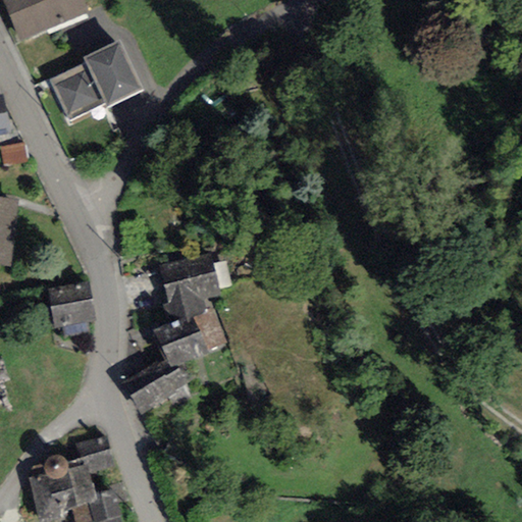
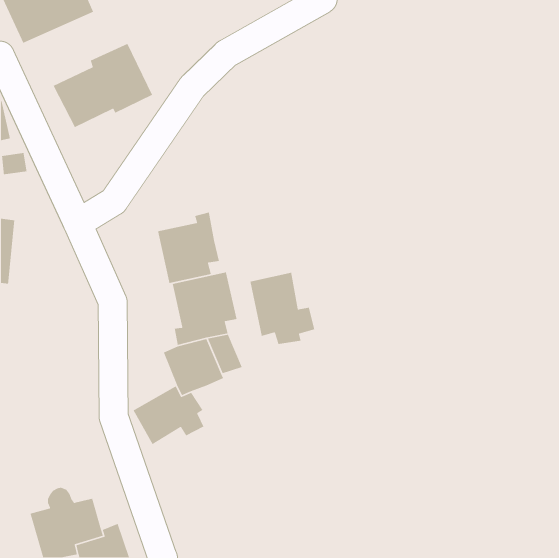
building: none -> [157,211,220,284]
building: none -> [250,272,315,345]
building: [47,281,96,326] -> none
building: [76,436,112,472] -> none

